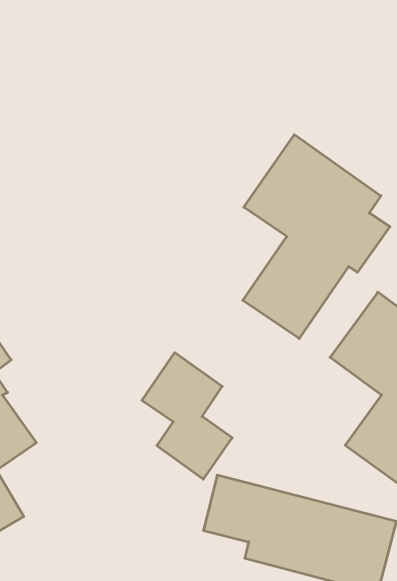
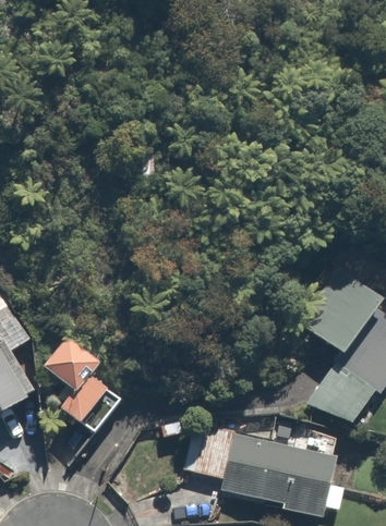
building: [243,135,390,339] -> none
building: [142,353,232,479] -> [39,326,118,436]

